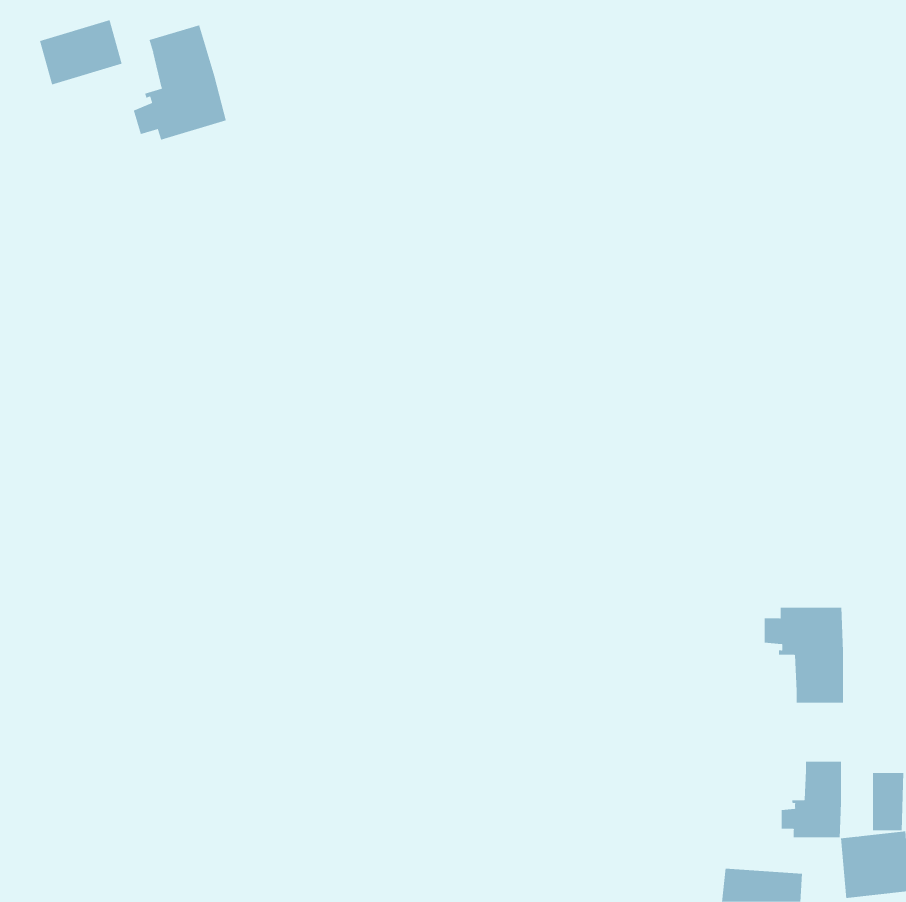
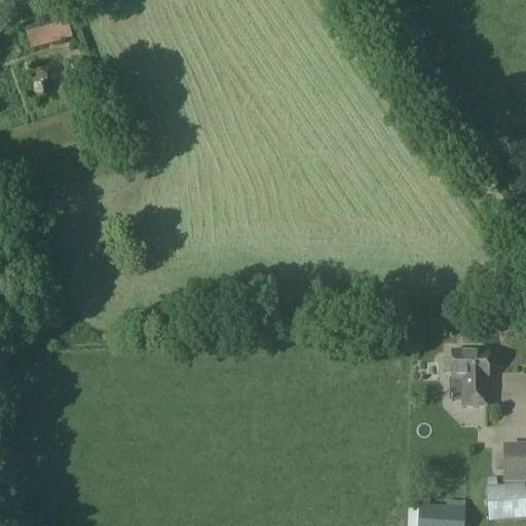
building: [133,24,226,140] -> none
building: [781,761,842,838] -> none

